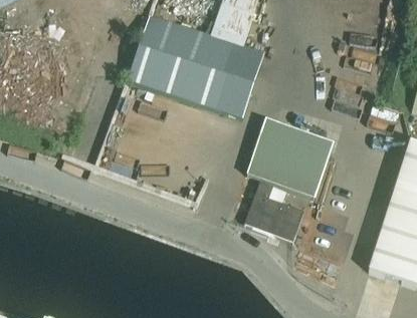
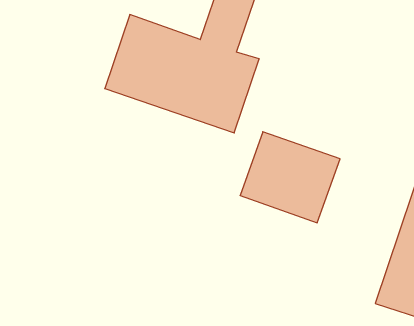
building: [244,182,304,242] -> none

